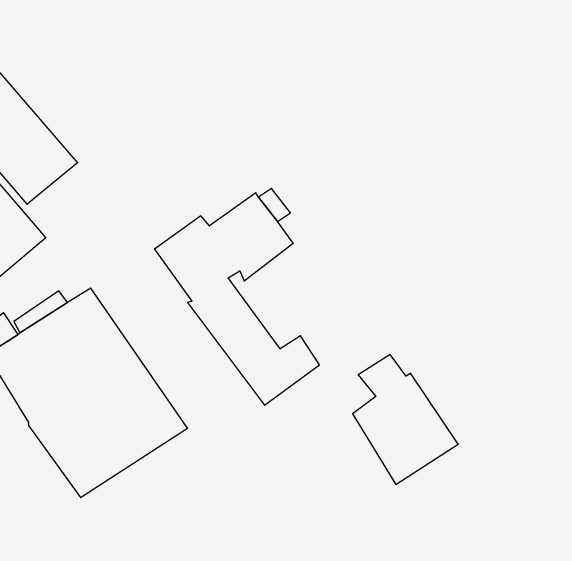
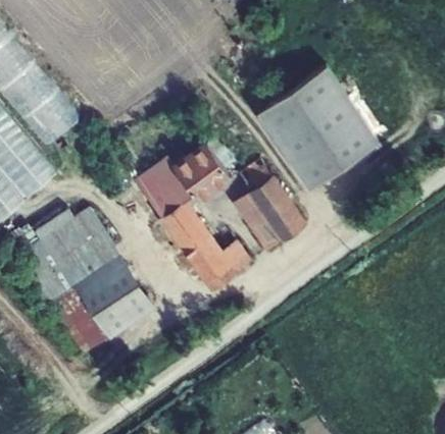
building: none -> [260,62,382,189]
building: [353,354,458,485] -> [234,161,308,253]

